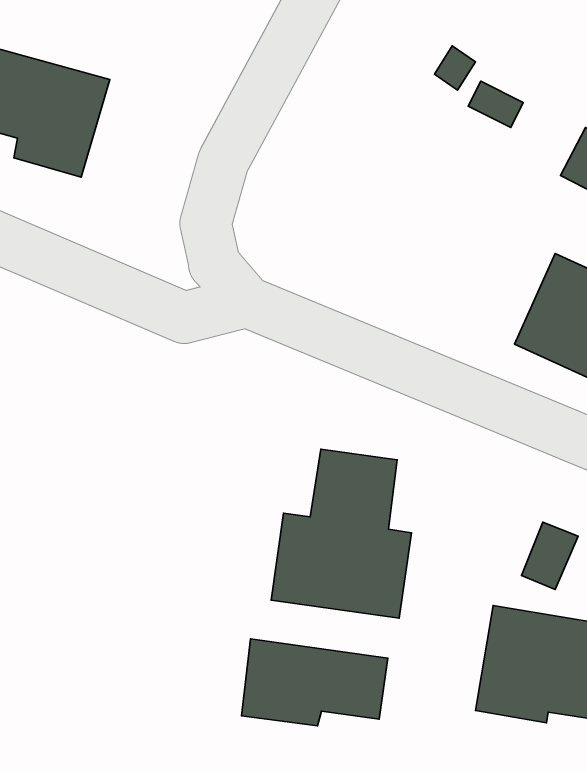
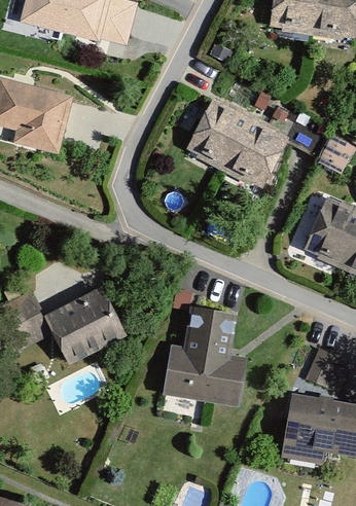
building: none -> [185,96,289,186]
building: none -> [43,291,123,367]
building: [242,639,388,726] -> none

